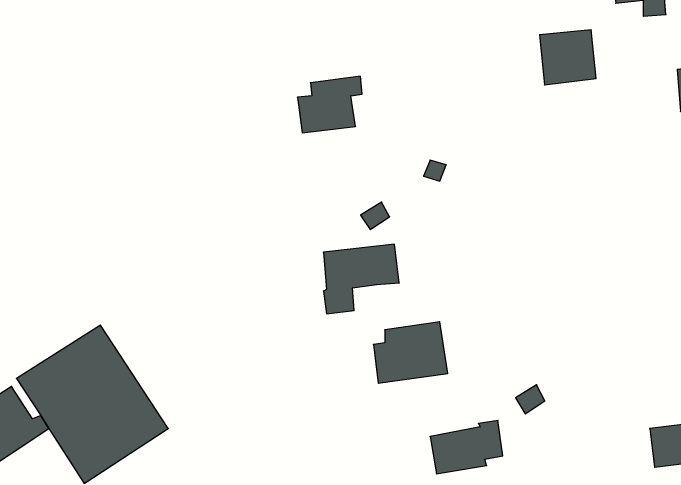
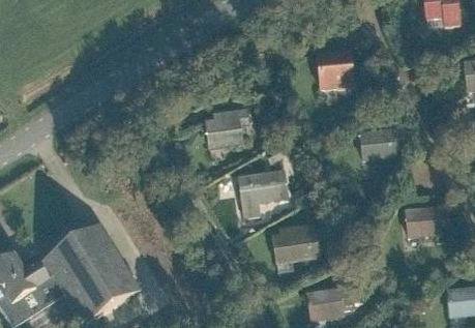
building: [540,30,596,85] -> [317,53,353,88]
building: [297,76,362,133] -> [205,110,246,146]
building: none -> [360,127,407,159]
building: none -> [408,208,448,240]

